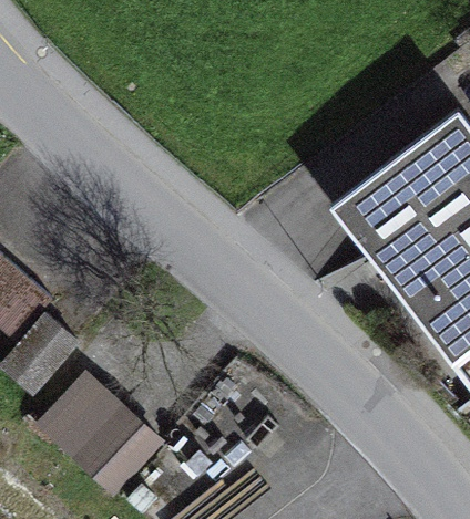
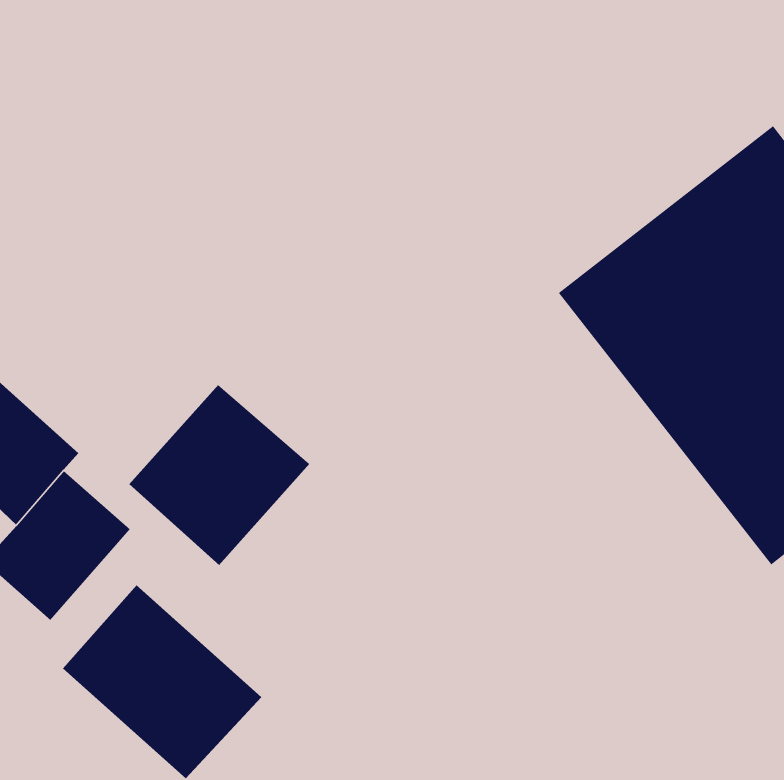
building: none -> [128,384,310,566]

